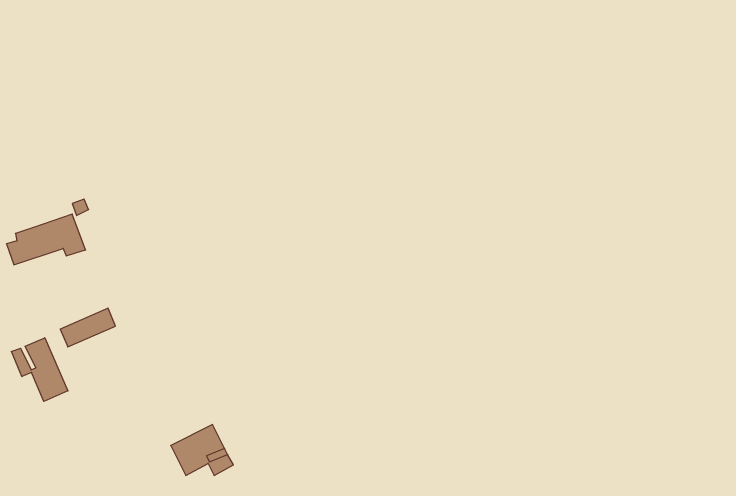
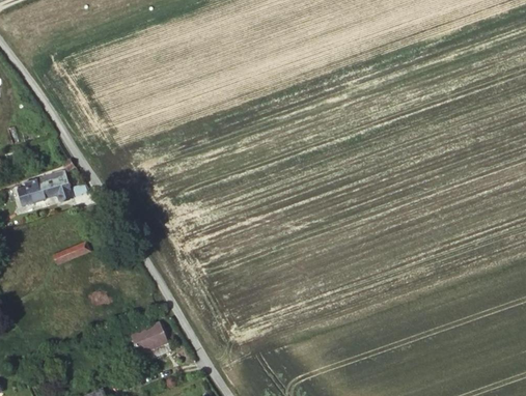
building: [11,338,68,401] -> none

